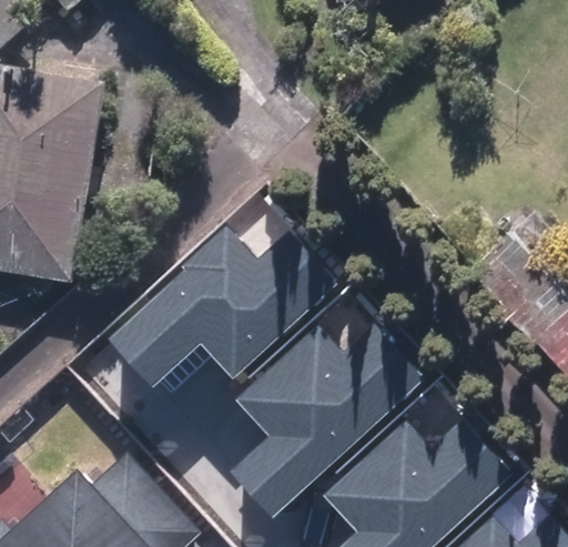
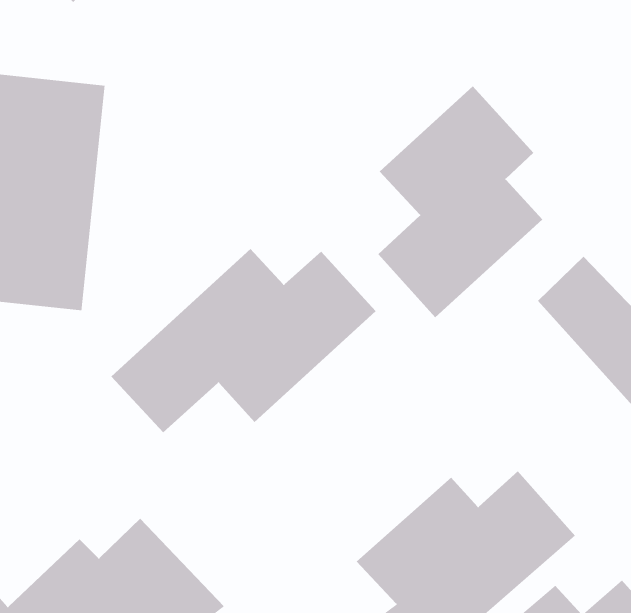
building: none -> [377,85,543,318]
building: [223,320,419,515] -> none

